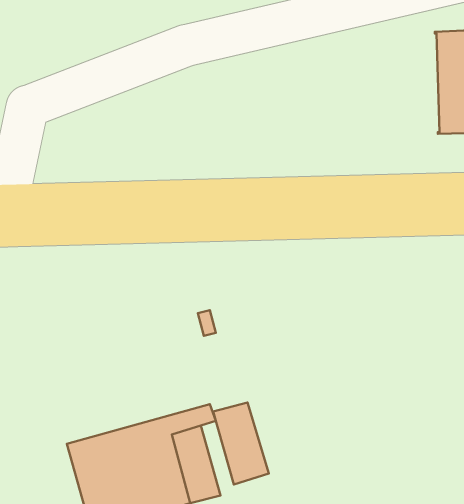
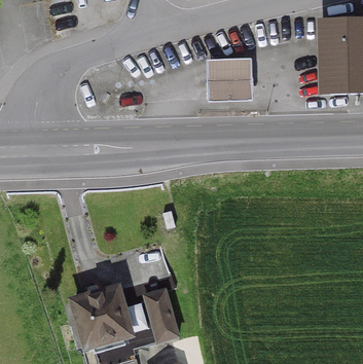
building: none -> [208,58,252,99]
building: [213,403,269,484] -> none

